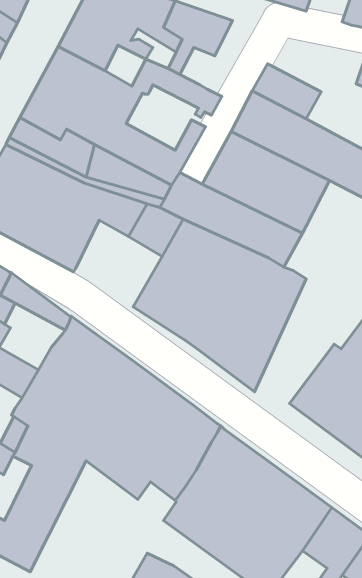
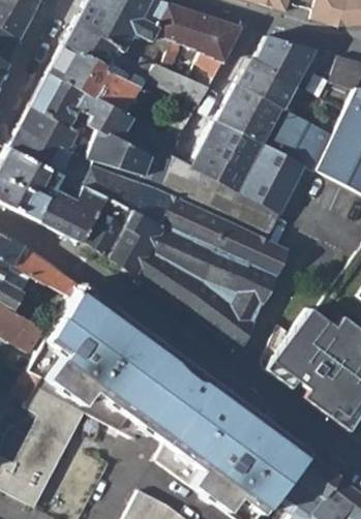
building: none -> [197,21,242,88]
building: none -> [253,35,314,84]
building: none -> [80,197,156,274]

